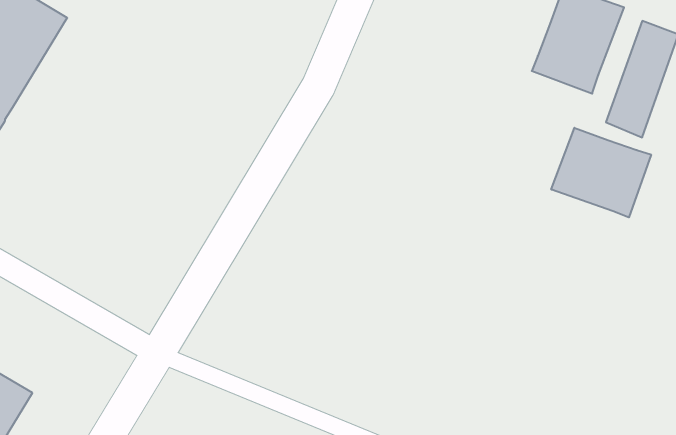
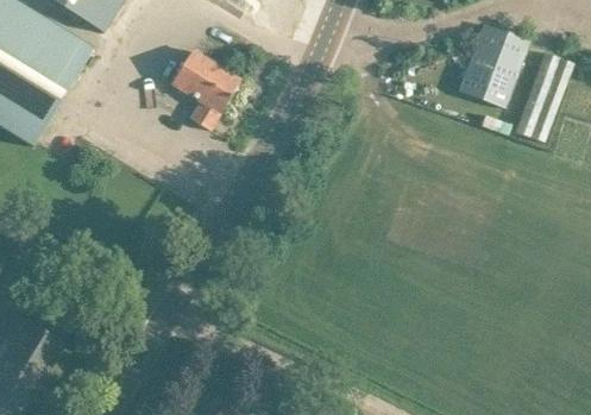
building: none -> [171,50,240,130]
building: [551,128,651,217] -> none

